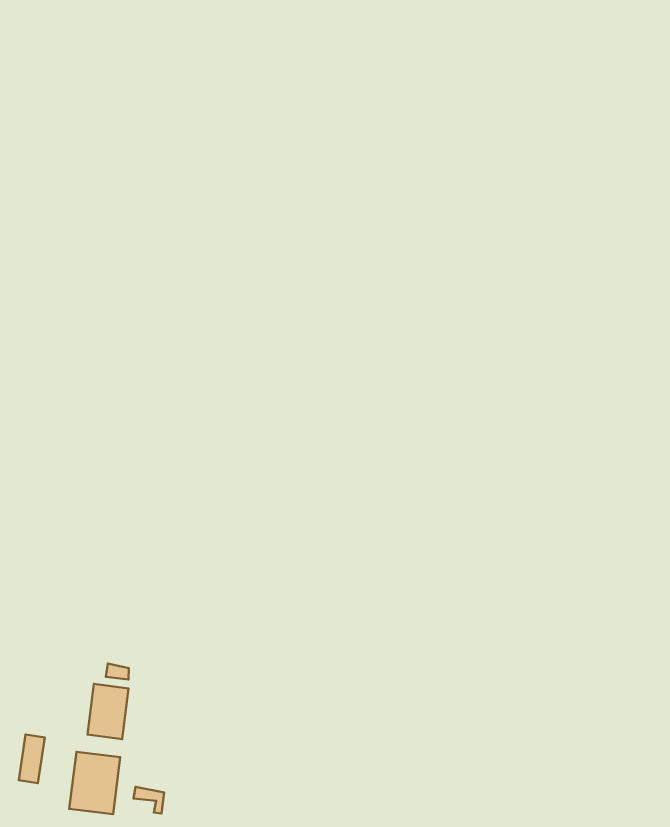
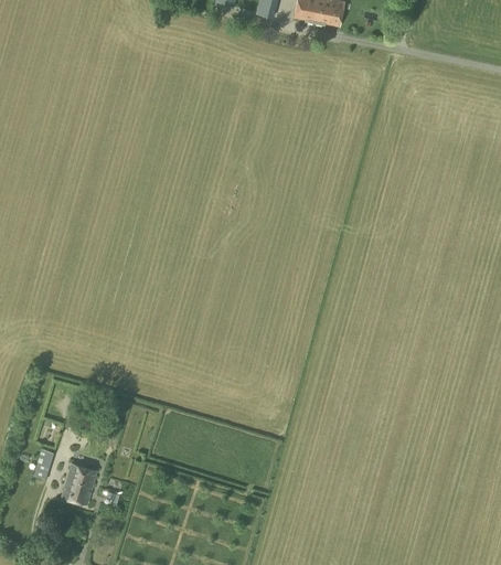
building: [88,684,129,739] -> none

